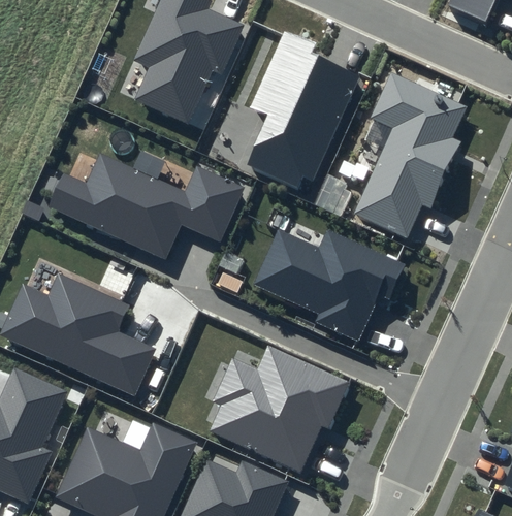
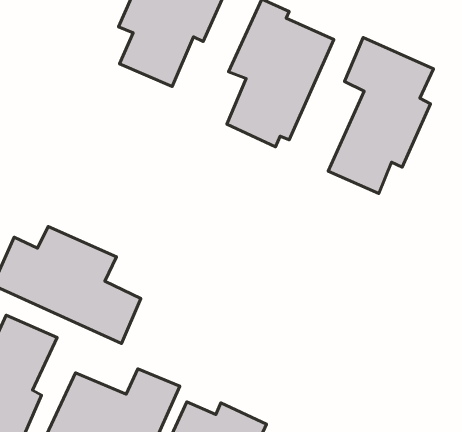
building: [49,154,246,259] -> none
building: [254,229,406,342] -> none
building: [209,348,350,474] -> none

